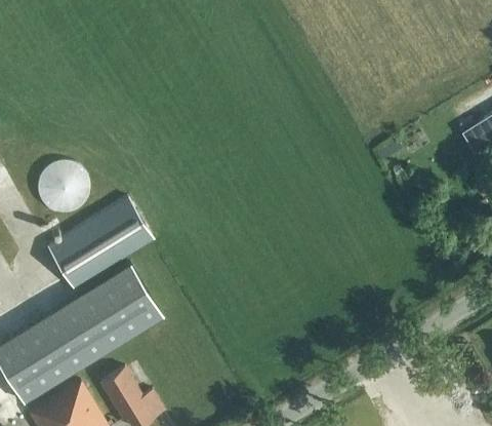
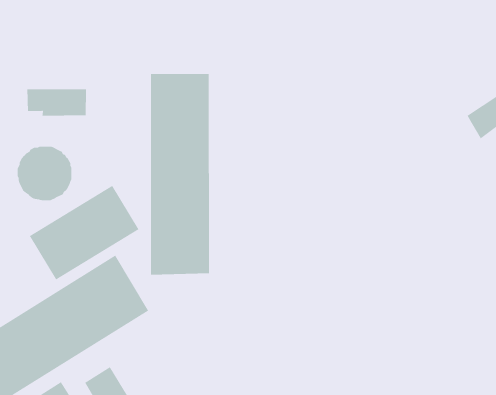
building: none -> [150,73,210,275]
building: none -> [26,89,87,116]

